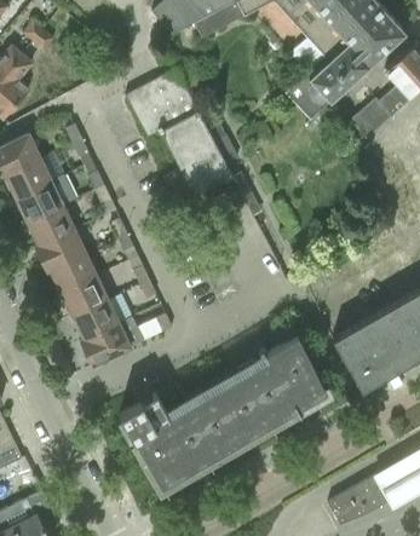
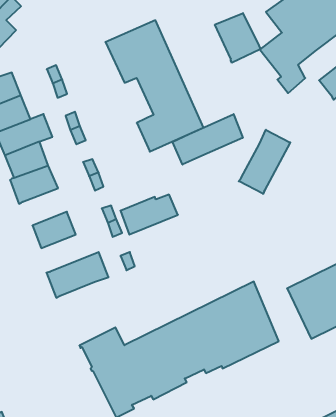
building: none -> [215,13,260,63]
building: none -> [172,114,243,165]
building: none -> [239,130,290,194]
building: [50,253,97,294] -> none
building: [73,296,133,341] -> [120,195,178,235]

